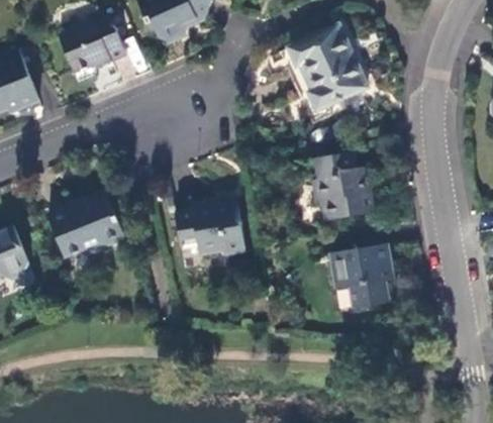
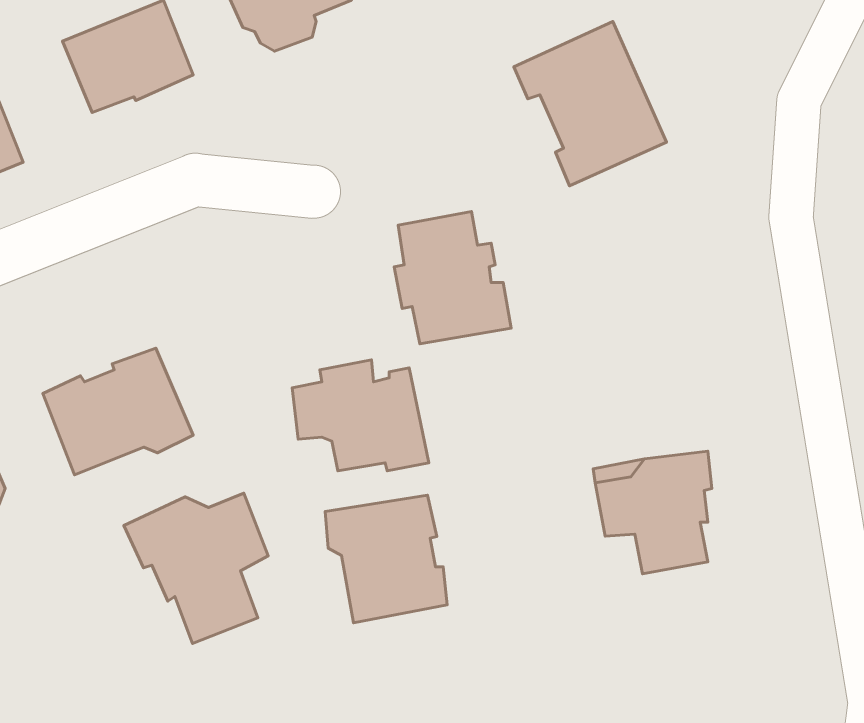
building: [313,153,373,221] -> [394,211,511,344]
building: none -> [124,493,268,643]
building: none -> [325,495,447,623]

